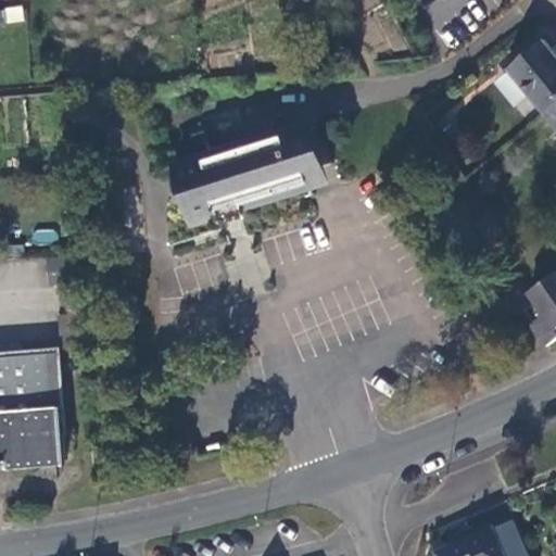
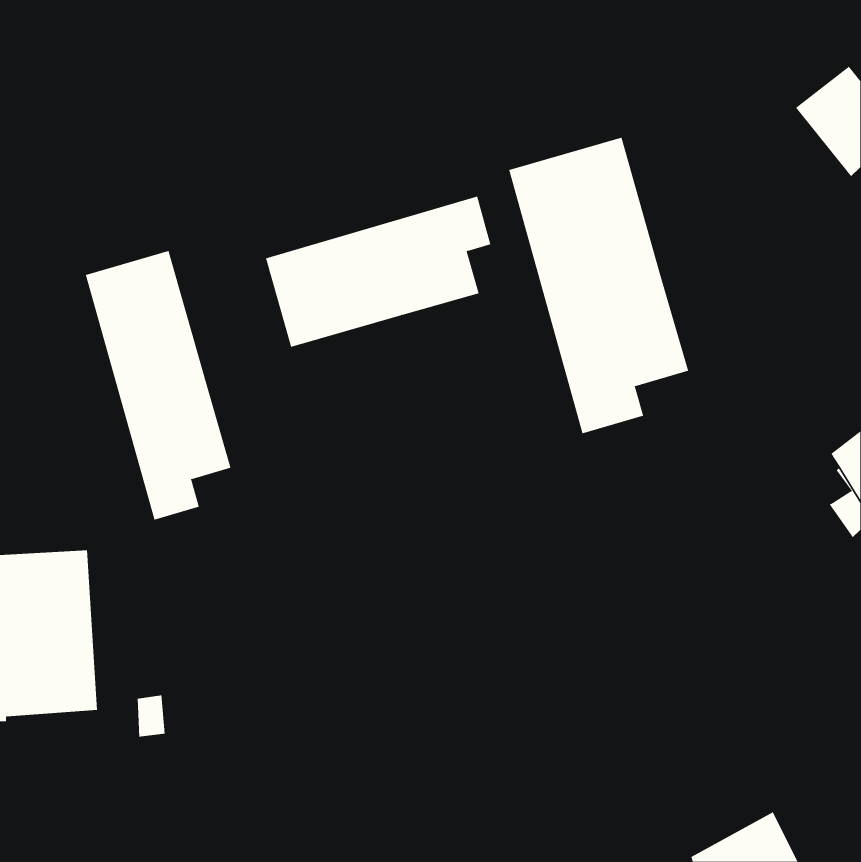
building: none -> [508,137,689,434]
building: none -> [85,250,231,521]

